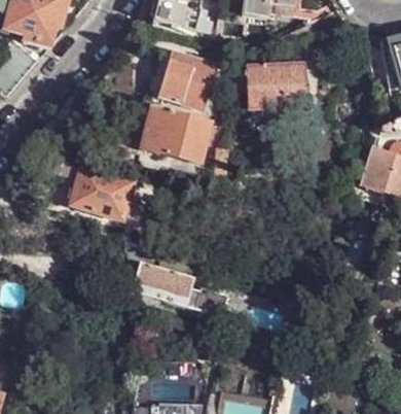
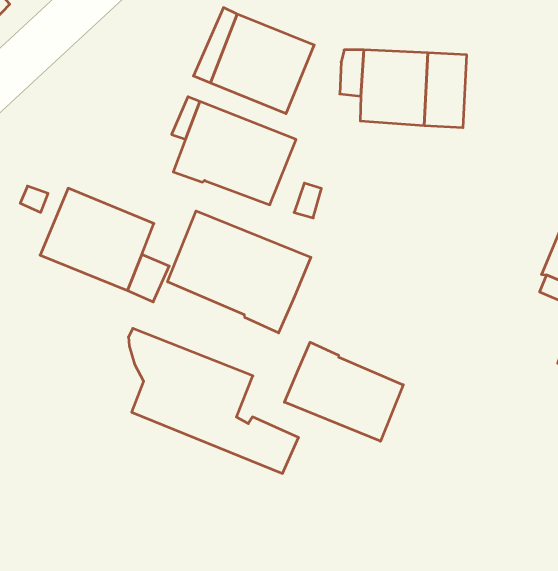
building: none -> [168,211,311,333]
building: none -> [284,342,403,441]

